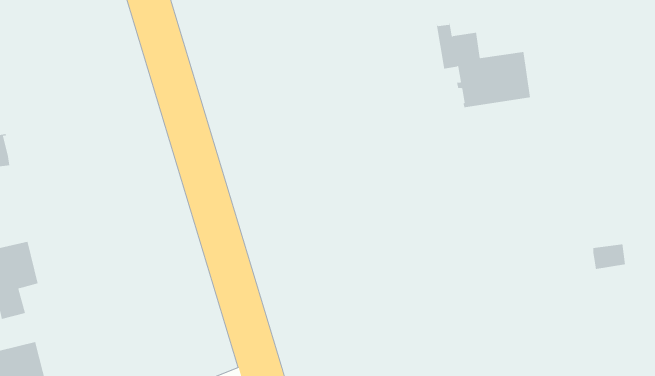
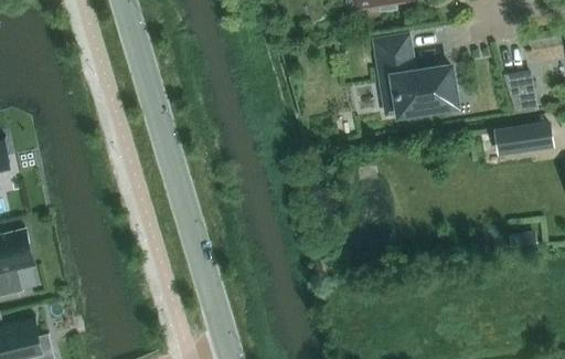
building: none -> [504,73,534,108]
building: none -> [492,122,553,157]

